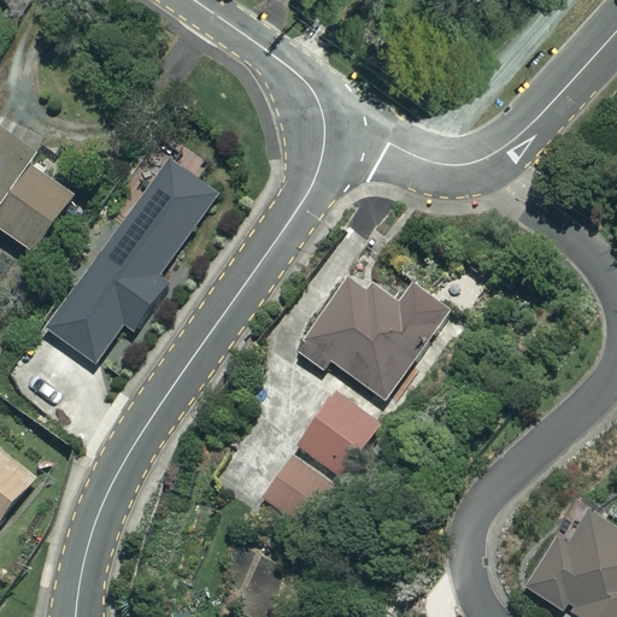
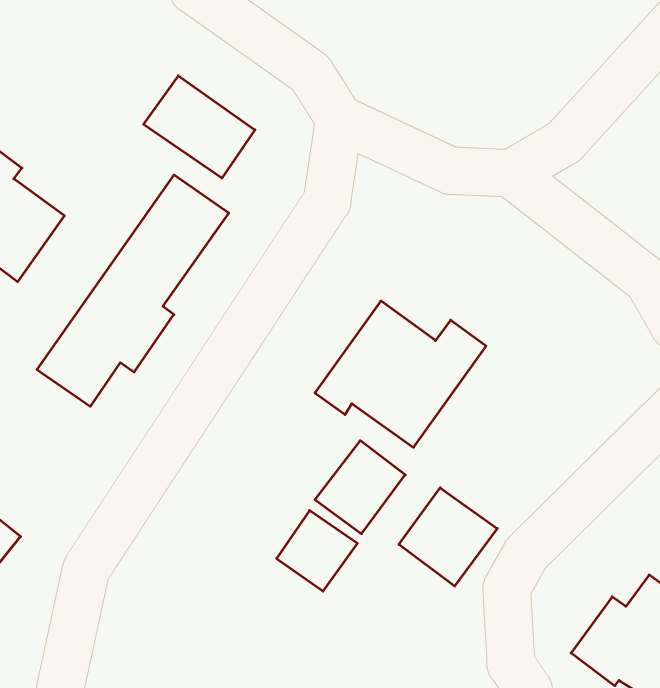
building: none -> [144,76,255,178]
building: none -> [399,488,497,586]

